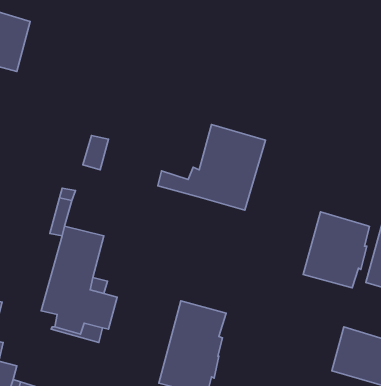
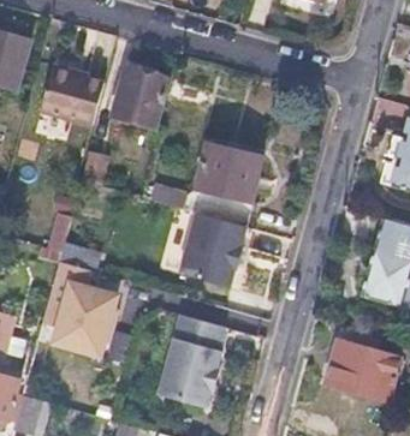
building: none -> [41,65,106,126]
building: none -> [114,66,173,131]
building: [303,212,369,288] -> [179,213,244,287]

